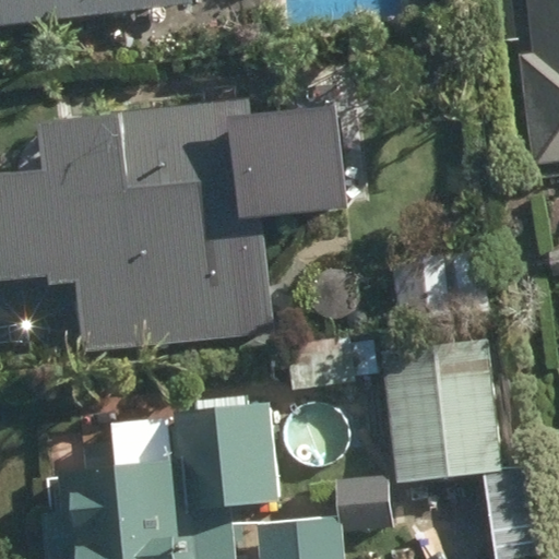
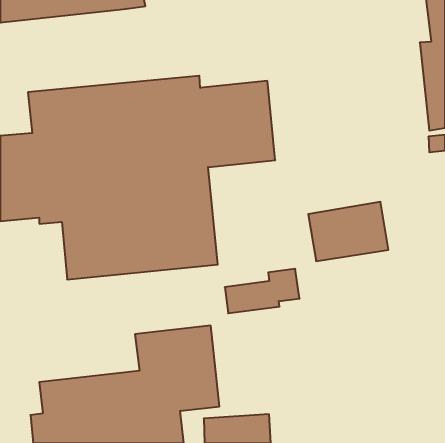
building: [379,344,496,486] -> none

